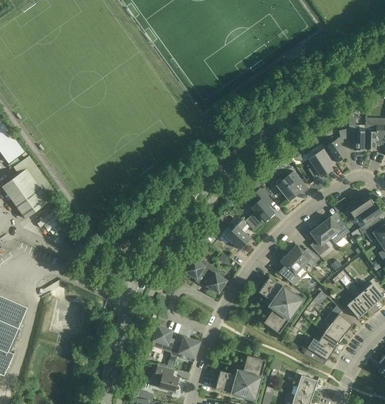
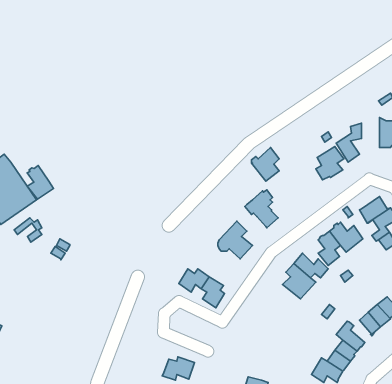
building: [349,117,365,151] -> none
building: none -> [27,166,54,199]
building: [276,171,301,201] -> [251,148,279,181]
building: [258,277,301,331] -> none
building: [151,326,176,353] -> none

